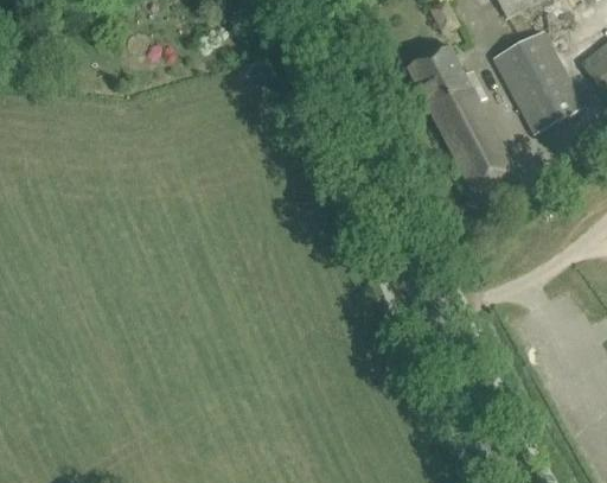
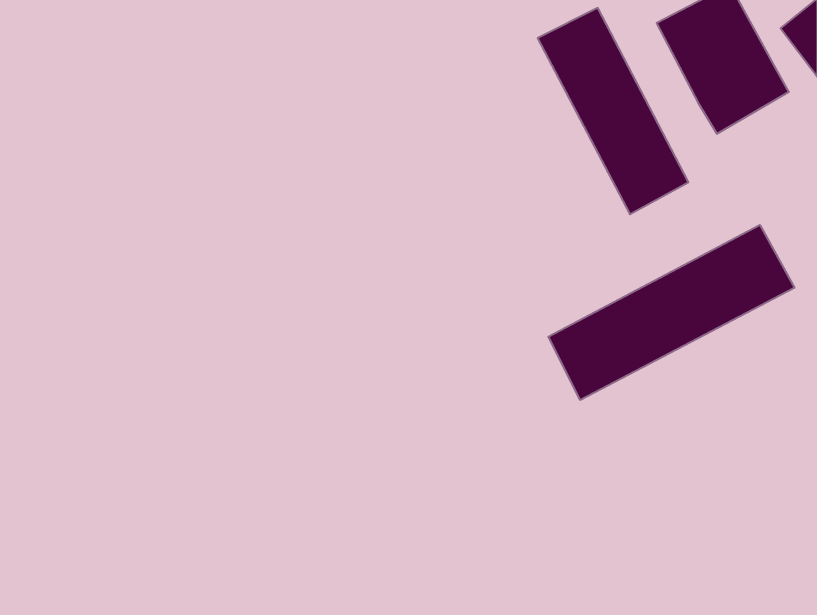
building: none -> [548,225,794,400]

